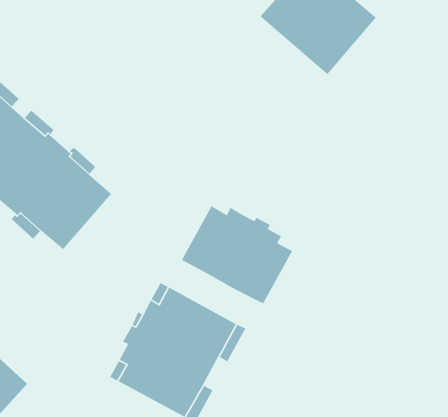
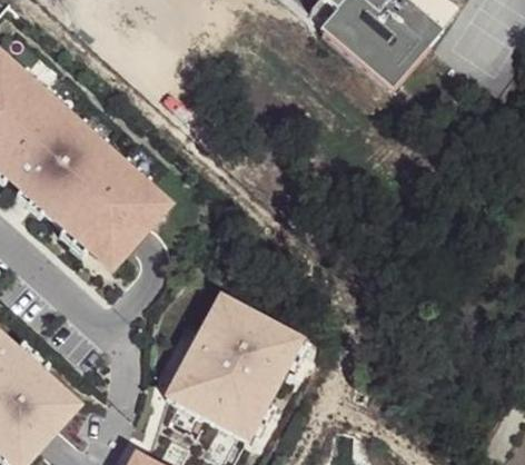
building: [181,205,293,305] -> none

